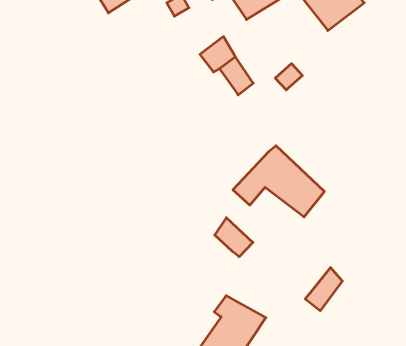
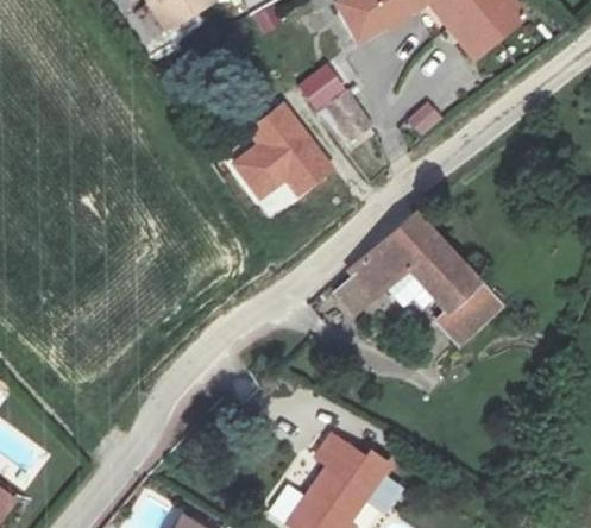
building: none -> [232,105,334,207]
building: [215,218,253,257] -> none
building: [305,268,342,311] -> [438,282,490,342]

